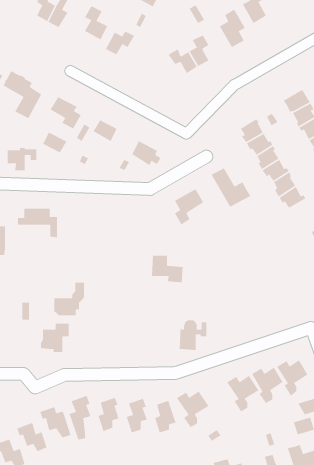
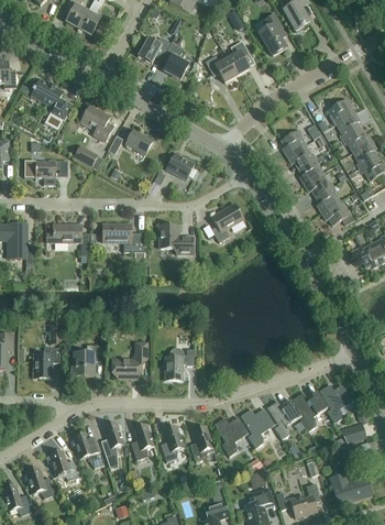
building: [84,5,108,40] -> [163,42,188,79]
building: [211,167,252,208] -> none
building: none -> [102,223,144,252]
building: [151,255,184,283] -> [160,225,194,254]
building: [54,282,85,316] -> [113,342,146,379]
building: [179,319,207,351] -> [164,347,194,380]
building: none -> [34,348,59,378]
building: none -> [240,408,275,448]

